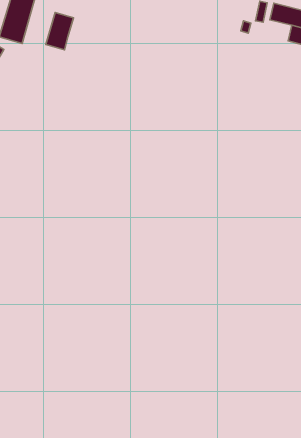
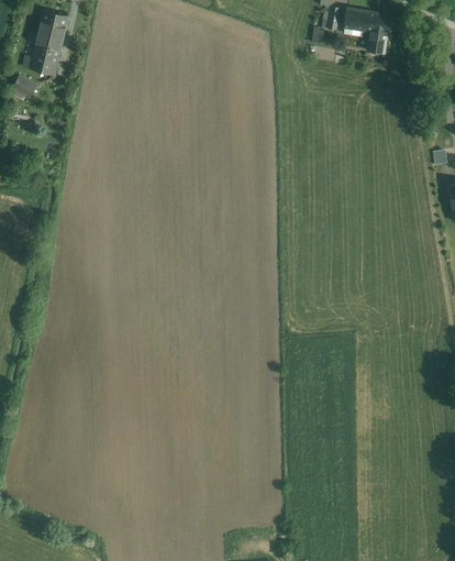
building: [46,12,74,50] -> none

